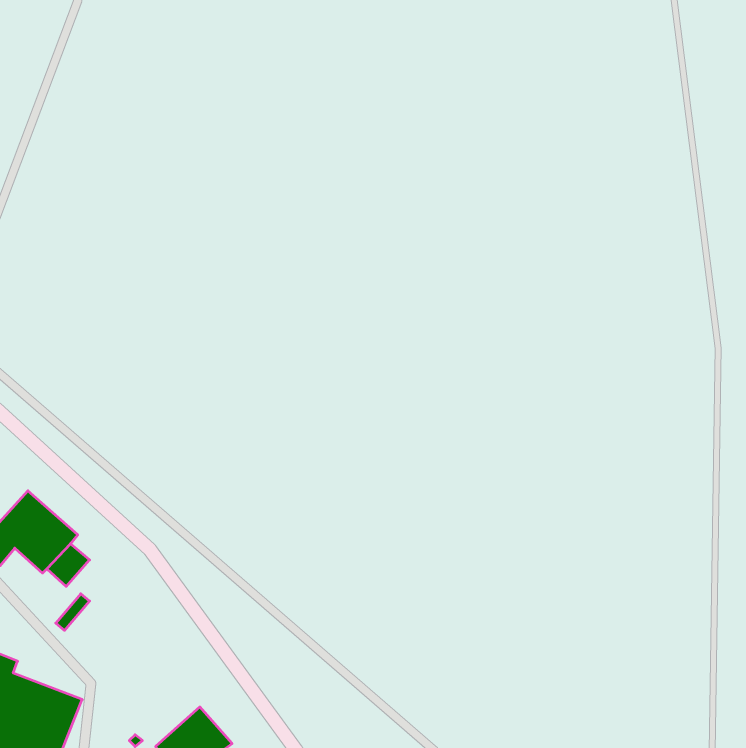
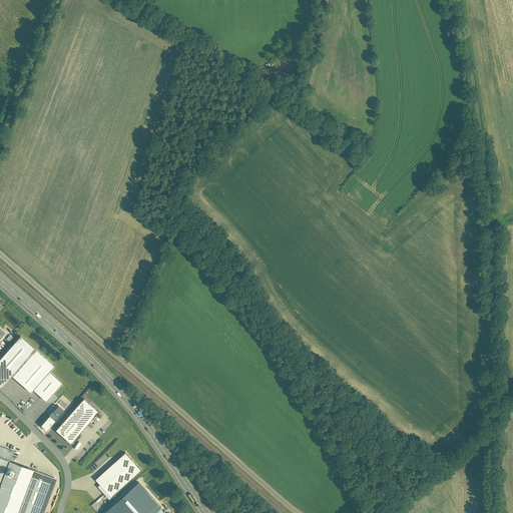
building: none -> [54,401,96,446]
building: none -> [94,453,139,497]

